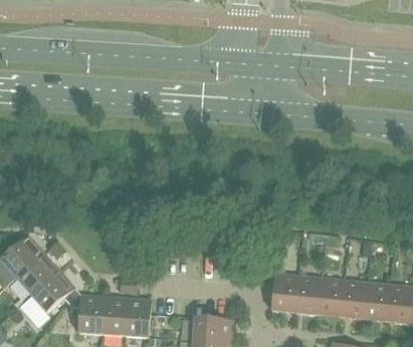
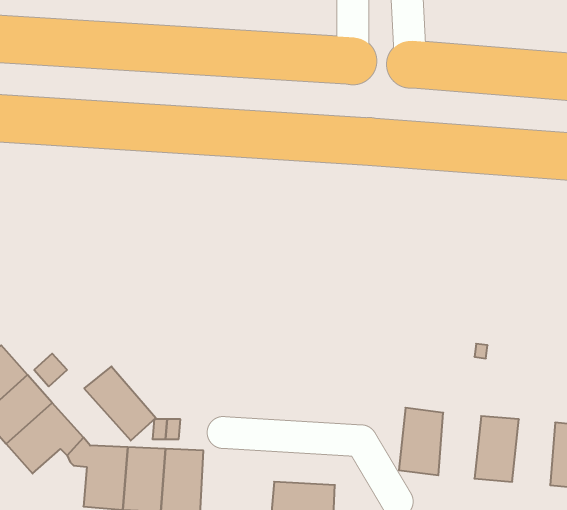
building: none -> [84,366,156,441]
building: [294,276,321,316] -> none
building: [340,280,366,320] -> none

